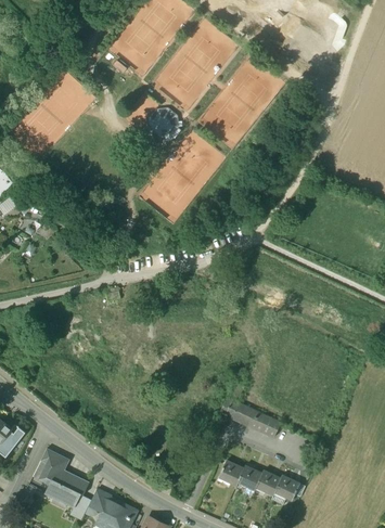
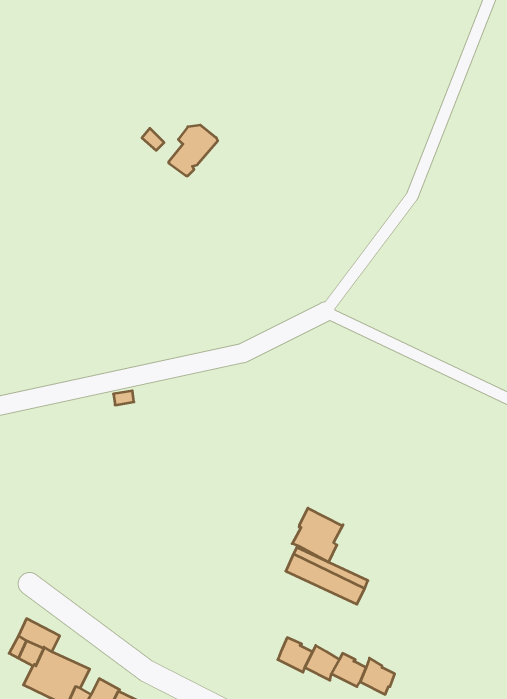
building: none -> [292,508,343,562]

